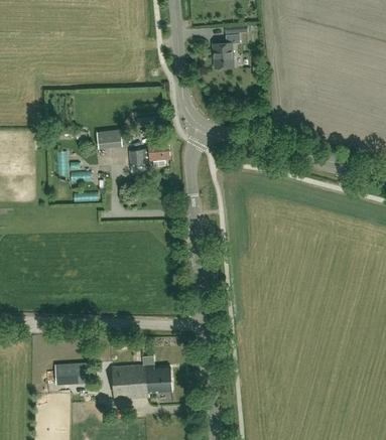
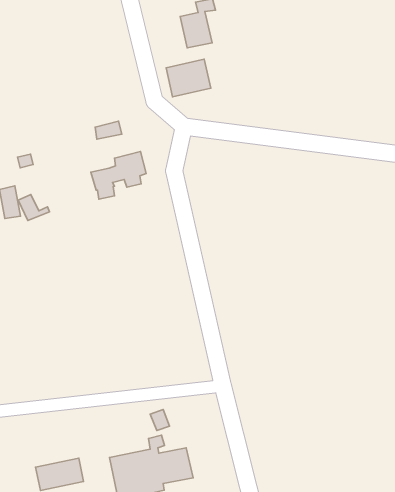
building: none -> [166,59,211,97]
building: [96,129,122,149] -> none

